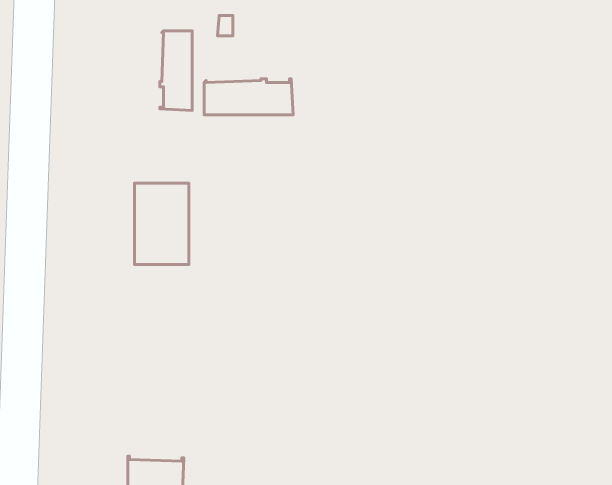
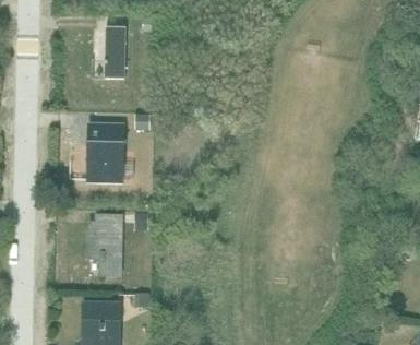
building: [204,79,293,115] -> none
building: none -> [88,216,121,275]

